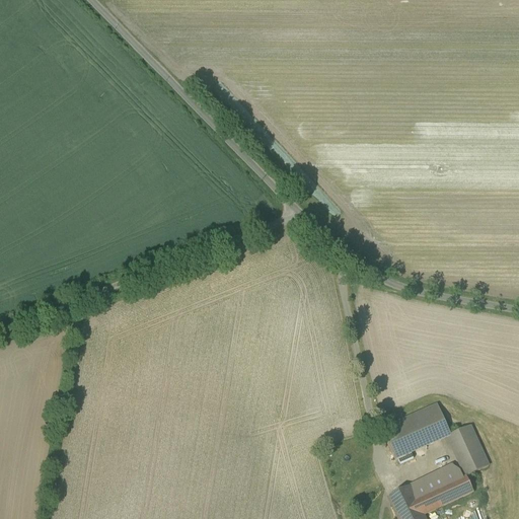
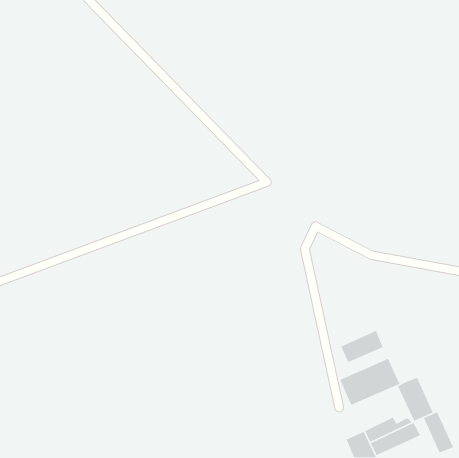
building: none -> [340,330,384,363]
building: none -> [423,411,454,454]

